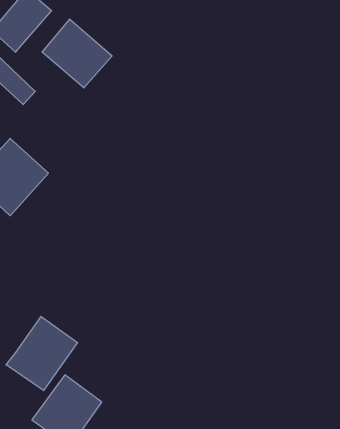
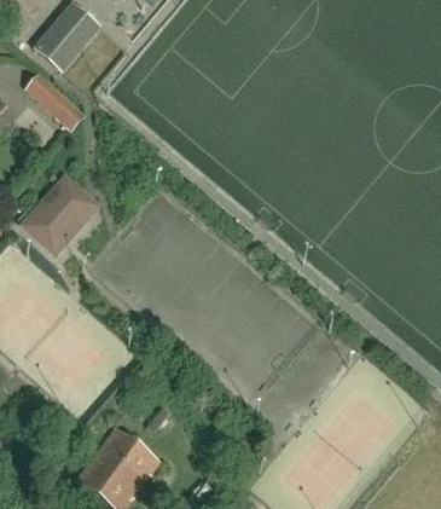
building: [42,19,112,88] -> none
building: [6,316,78,391] -> none

